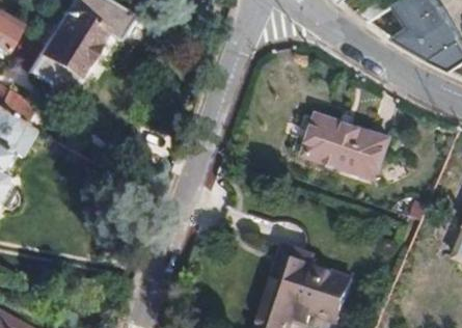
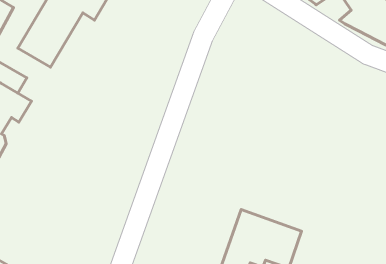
building: [305,115,389,177] -> none

